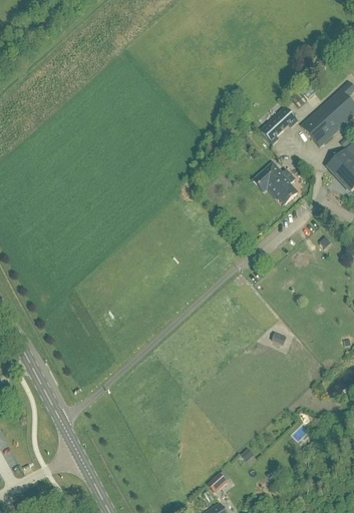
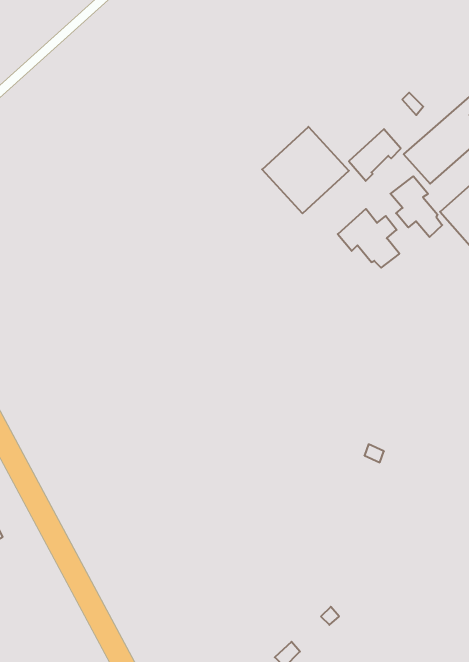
building: none -> [262,127,349,213]
building: none -> [390,176,442,237]

